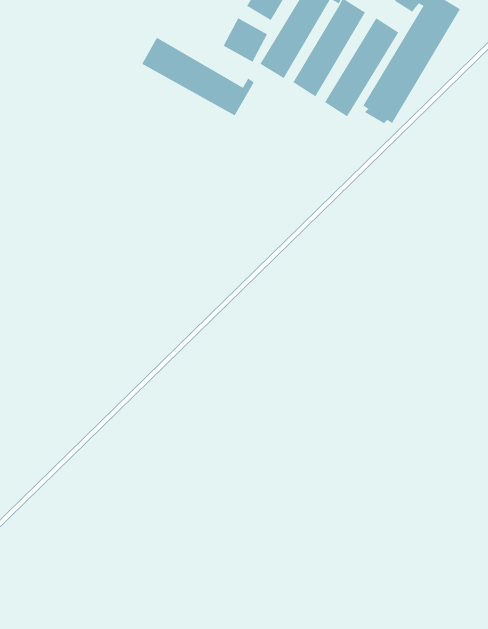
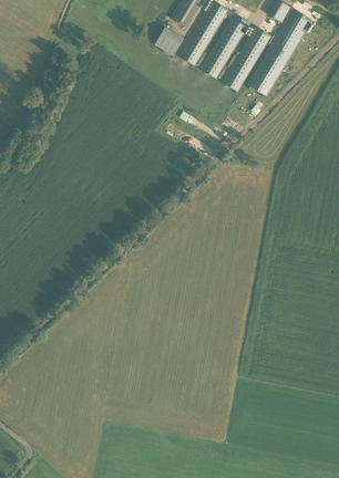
building: [142,37,255,116] -> none

